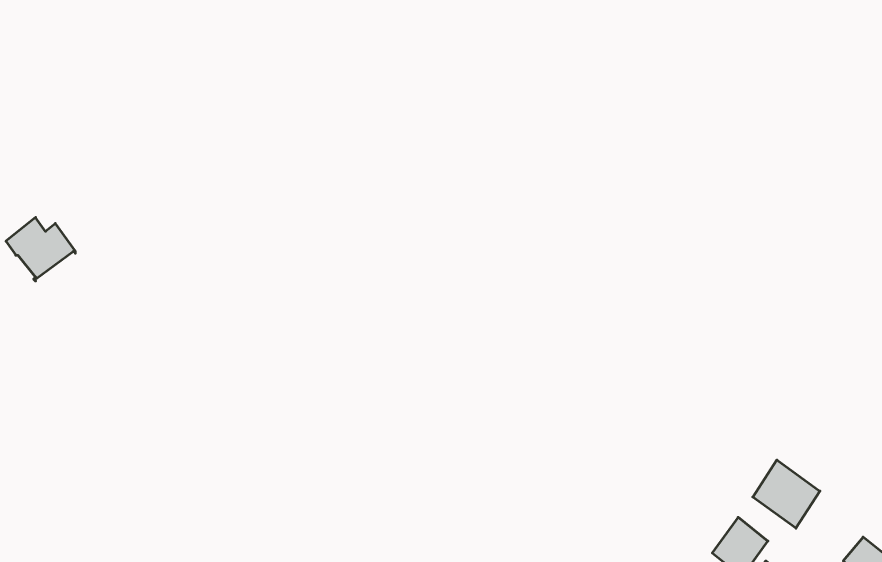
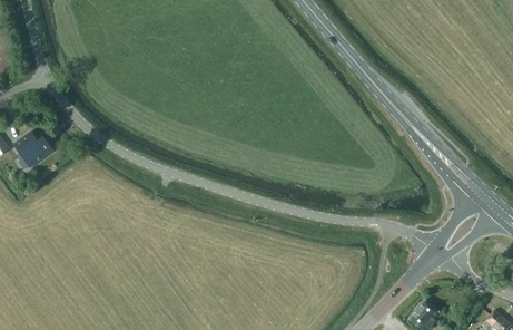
building: [753,460,820,528] -> none

